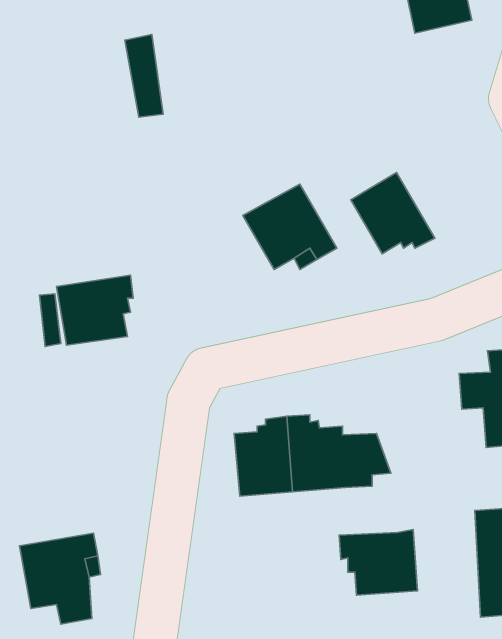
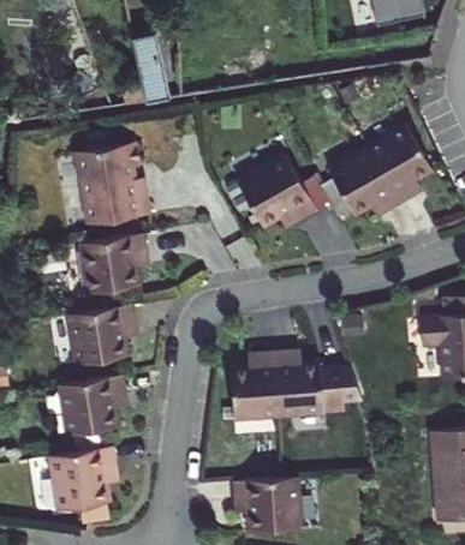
building: none -> [365,124,431,202]
building: none -> [71,140,149,223]
building: none -> [67,307,132,366]
building: none -> [58,378,123,437]
building: [339,529,418,595] -> [233,475,299,531]

